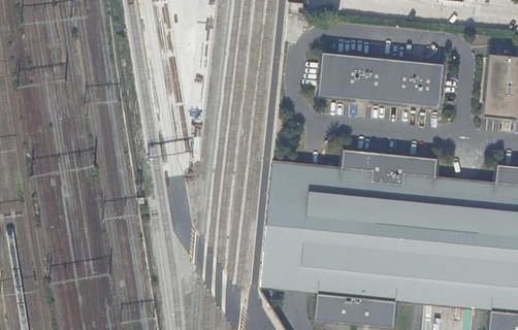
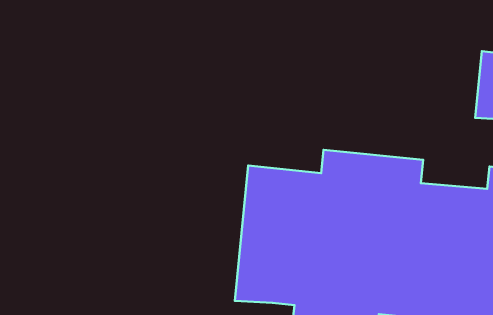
building: [317,51,444,107] -> none

